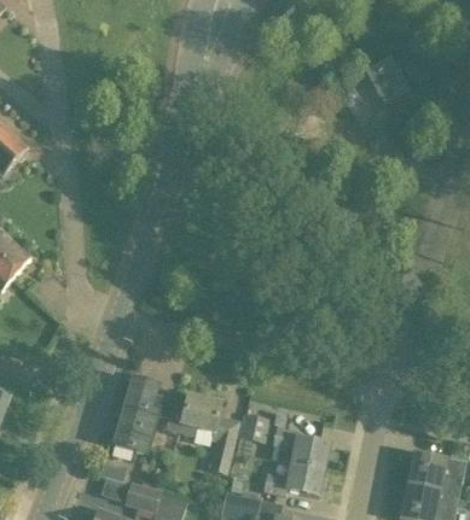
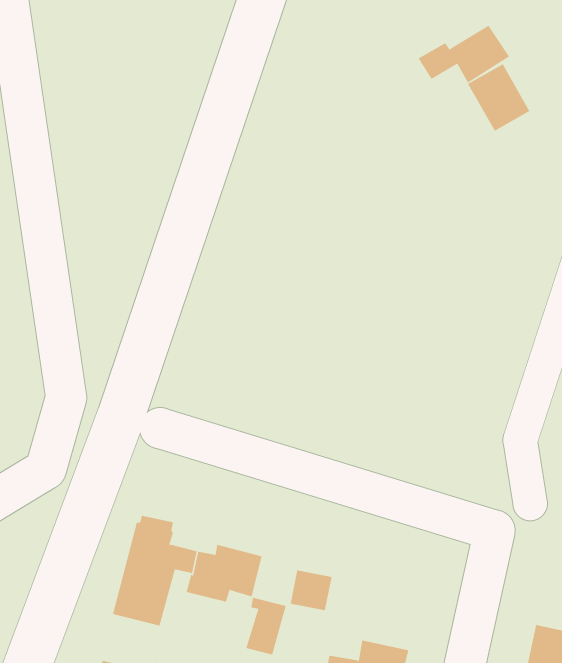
building: none -> [418,25,510,83]
building: [273,428,329,471] -> none

